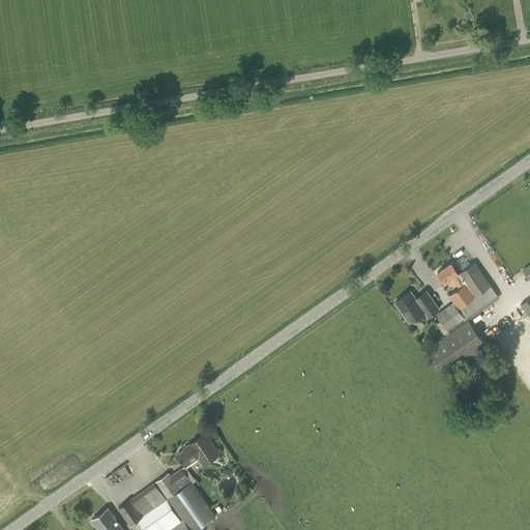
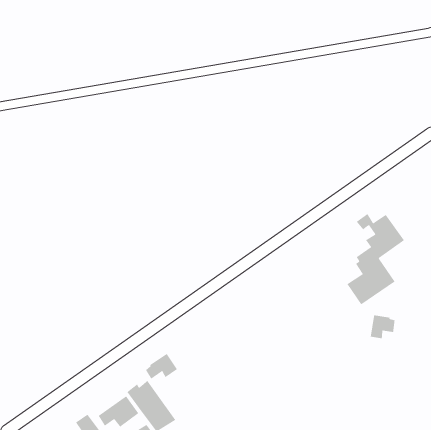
building: [394,292,439,323] -> none
building: none -> [370,315,395,339]

